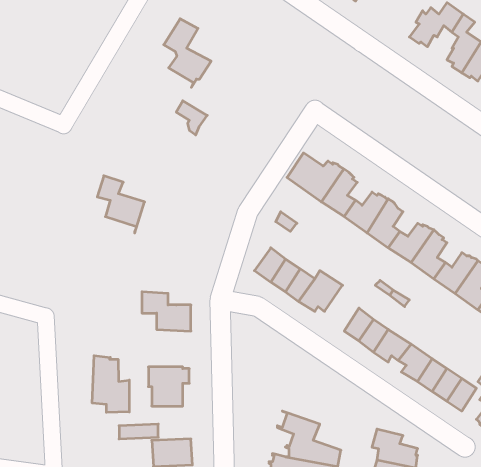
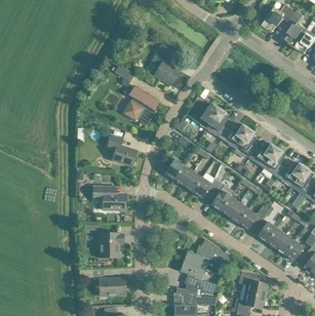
building: [164,19,211,87] -> [151,43,181,86]
building: none -> [122,85,159,124]
building: [97,176,145,233] -> [107,133,136,169]
building: none -> [208,181,234,209]
building: [92,356,129,412] -> none
building: none -> [182,237,231,268]

